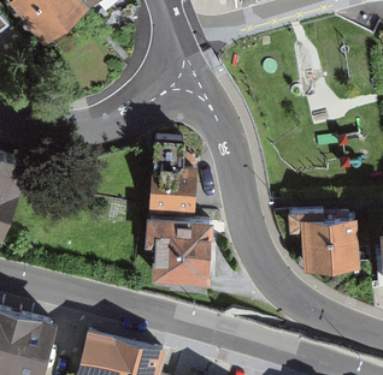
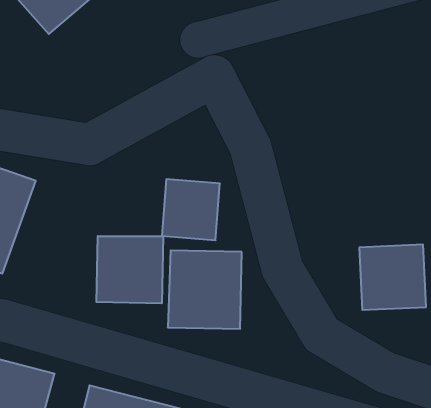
building: none -> [96,236,163,303]

